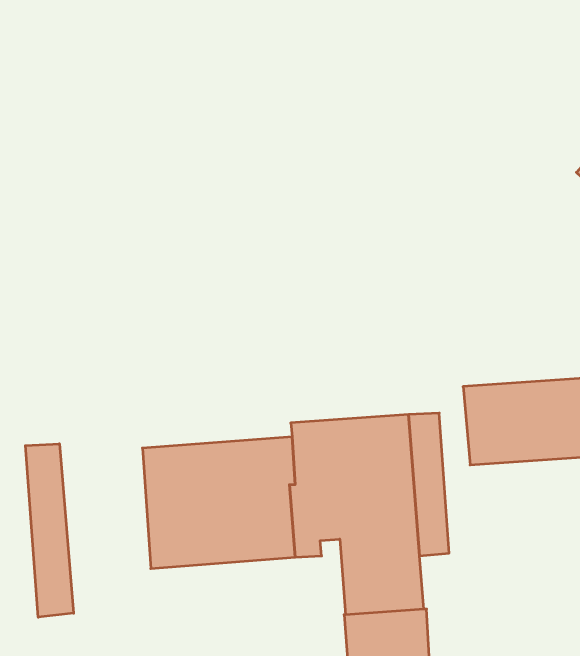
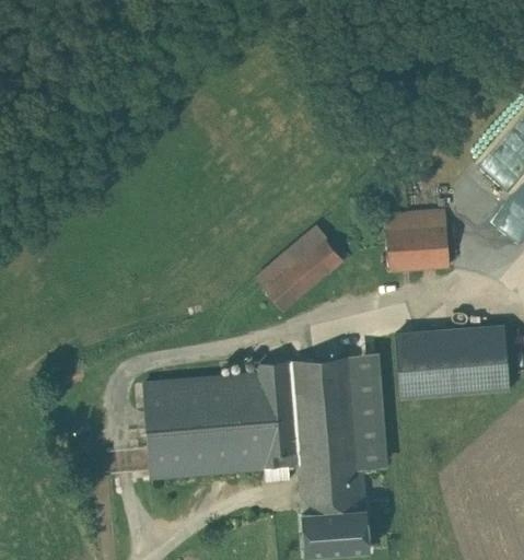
building: none -> [388,210,447,269]
building: none -> [255,228,345,313]
building: [25,444,74,617] -> none

